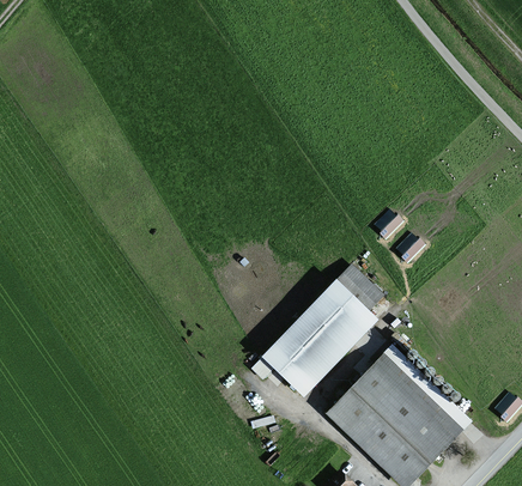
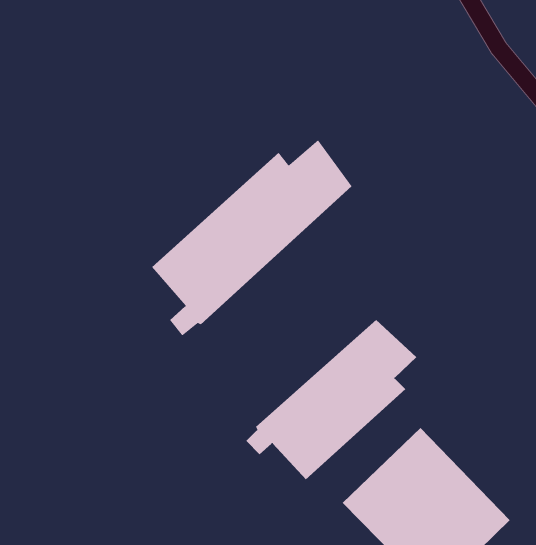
building: none -> [151,139,353,336]

